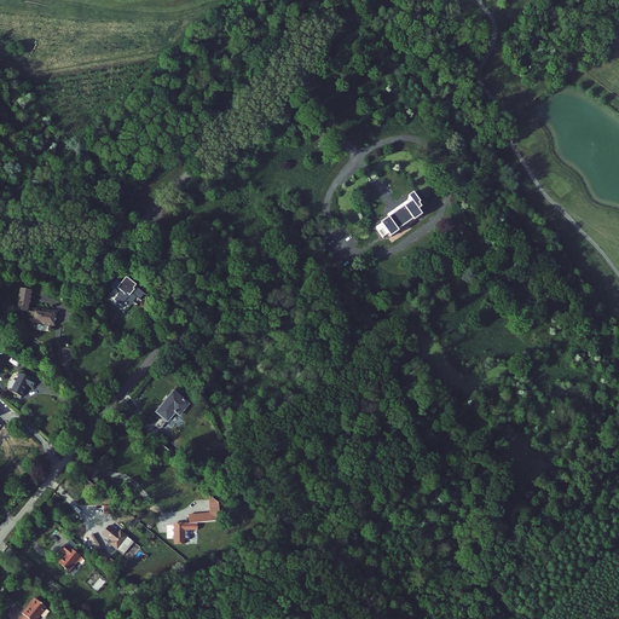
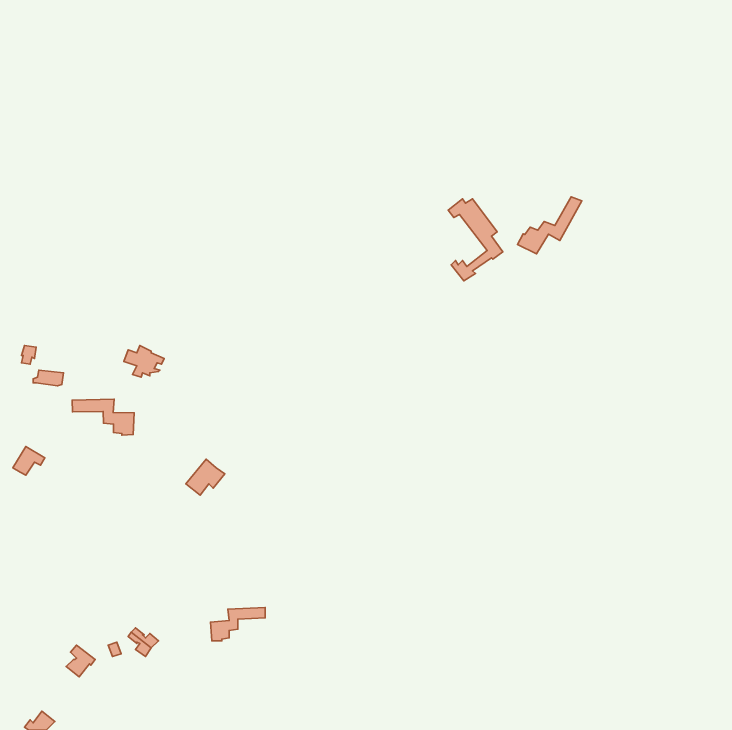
building: none -> [518,197,582,254]
building: none -> [72,399,134,435]

